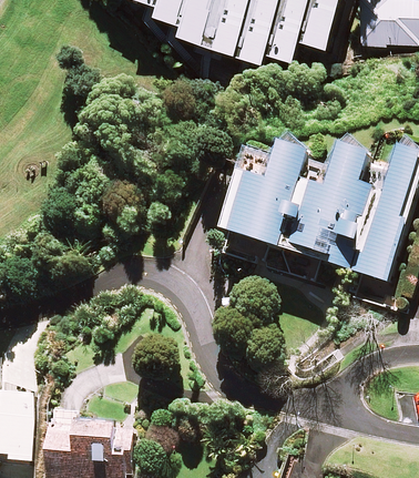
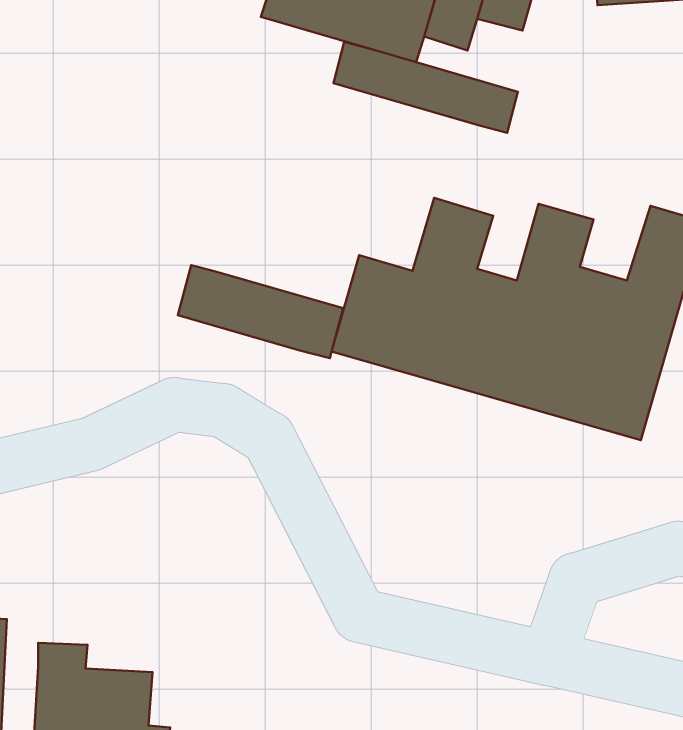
building: none -> [334,42,518,133]
building: none -> [178,265,343,358]

